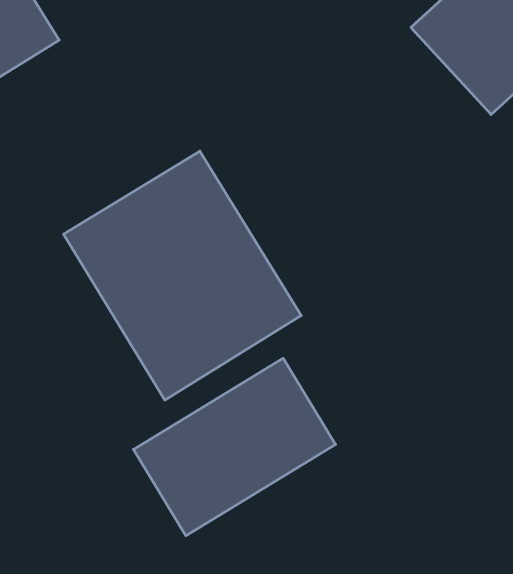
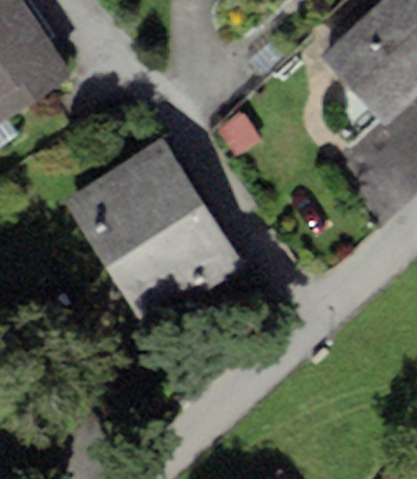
building: [133,358,336,536] -> none

